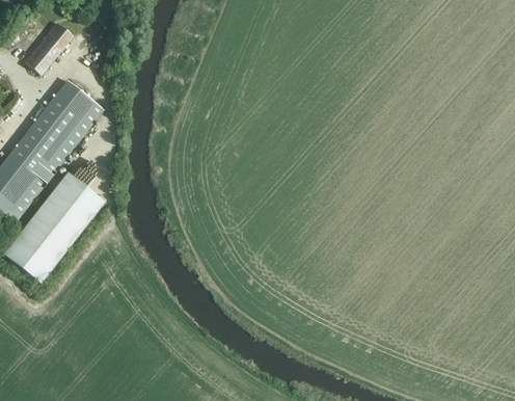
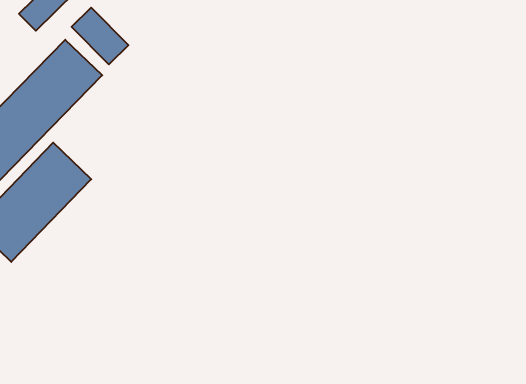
building: none -> [72,8,128,64]

